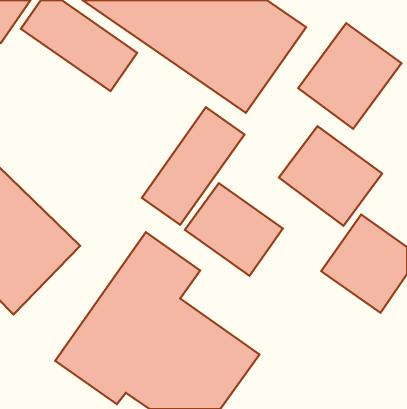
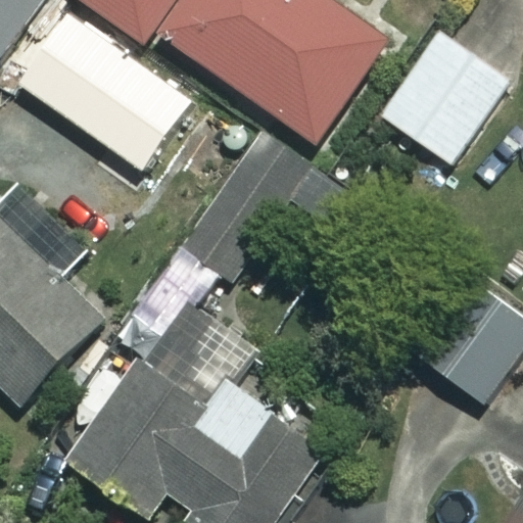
building: [279,126,382,226] -> none
building: [185,183,283,276] -> none

